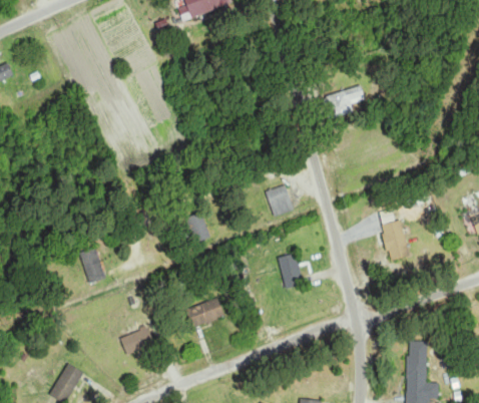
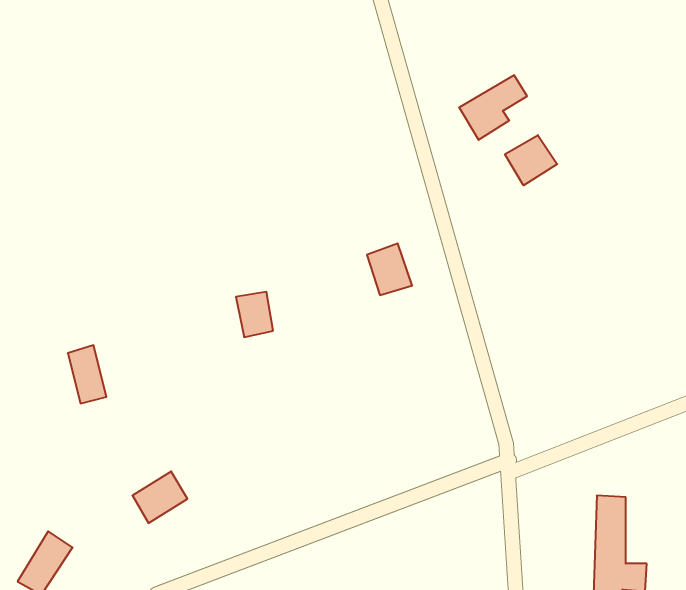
building: none -> [505,135,557,185]
building: [380,221,409,261] -> none
building: [277,254,303,290] -> none
building: [187,299,224,328] -> none

